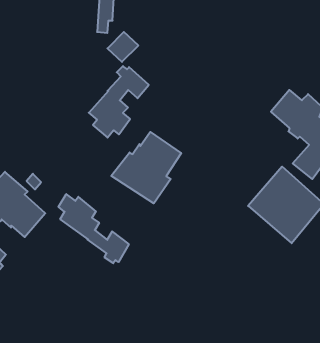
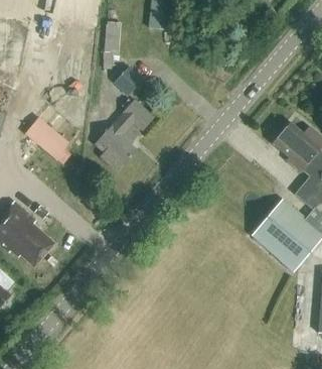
building: none -> [23,113,69,157]
building: [111,132,181,203] -> none
building: [58,194,129,263] -> none

